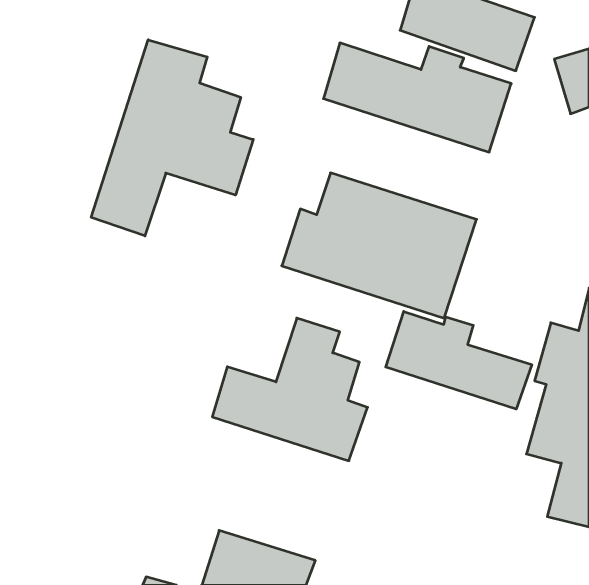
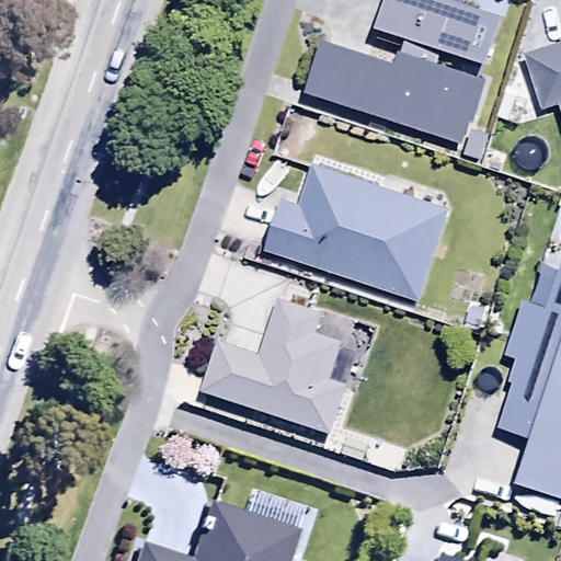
building: [91,40,253,236] -> none
building: [386,311,532,409] -> none

